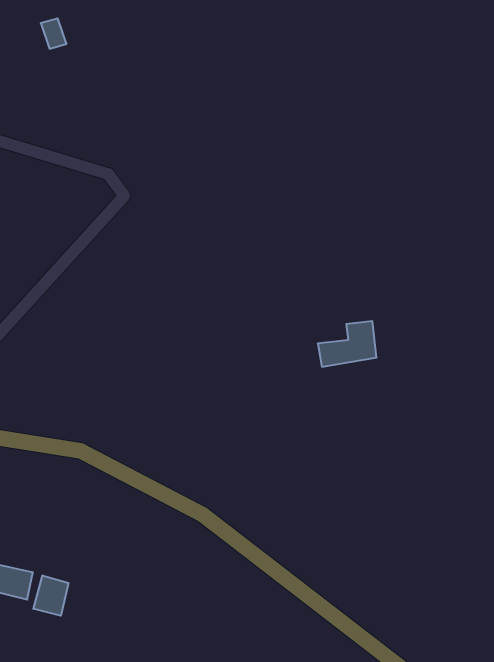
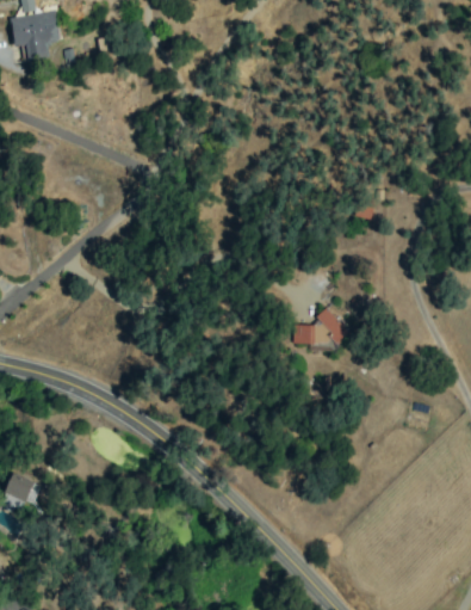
building: [33,575,68,616] -> none

